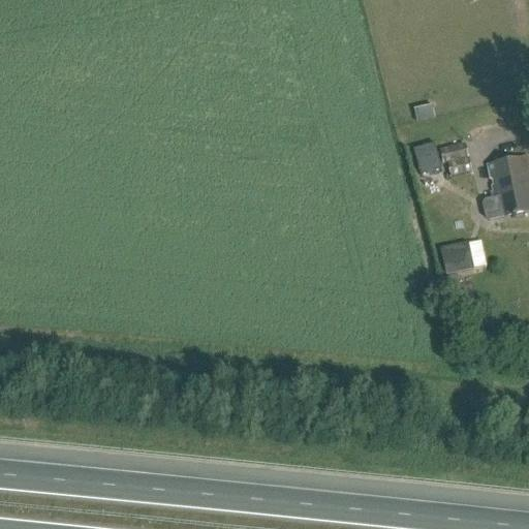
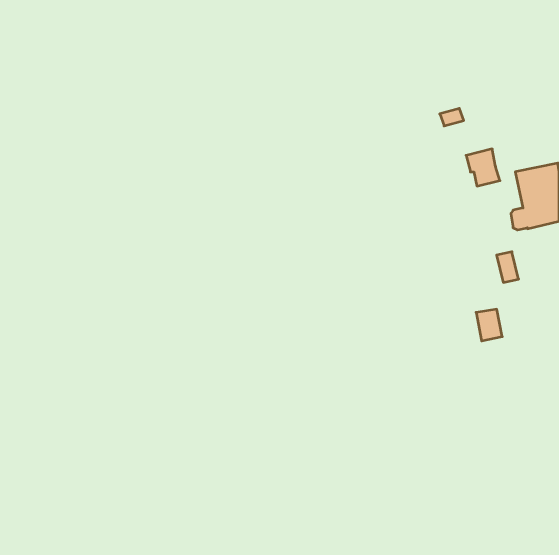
building: [413,141,441,172] -> none
building: [440,243,465,273] -> [476,309,502,341]

